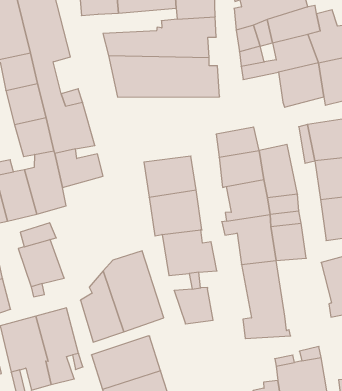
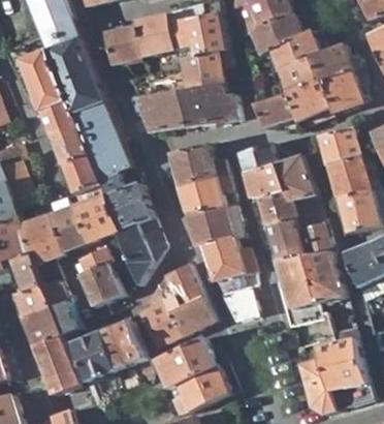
building: none -> [257,92,294,127]
building: none -> [170,144,228,185]
building: none -> [111,202,163,284]
building: none -> [306,251,345,304]

